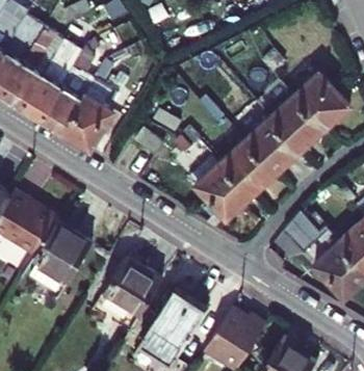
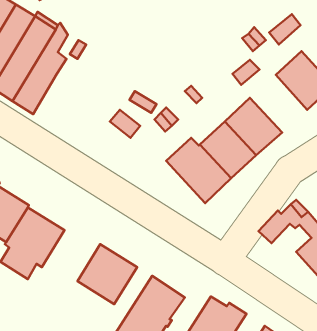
building: [60,96,113,152] -> none
building: [268,97,323,152] -> none

